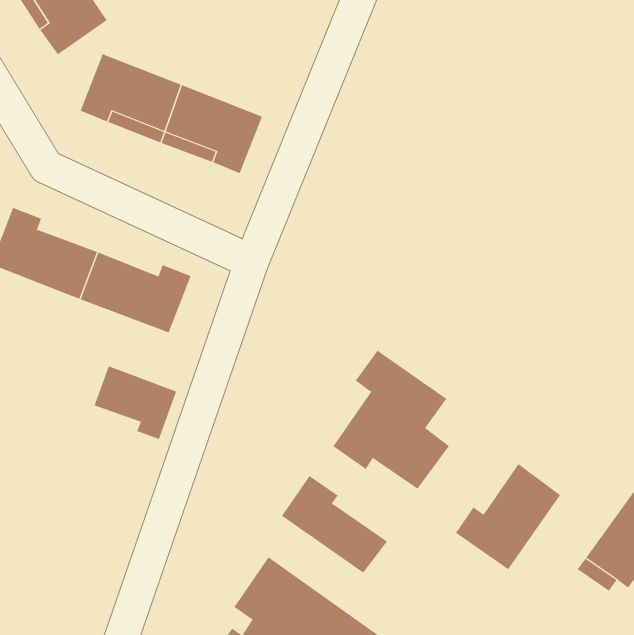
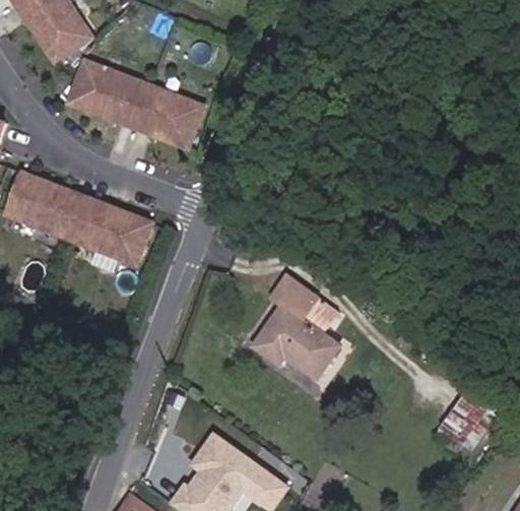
building: [94,365,177,440] -> none
building: [455,463,561,570] -> none
building: [281,475,388,574] -> none

